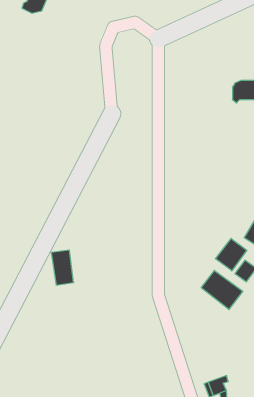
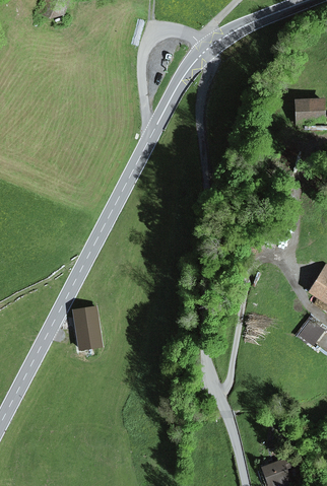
building: [215,238,247,271] -> none
building: [201,270,243,310] -> none

